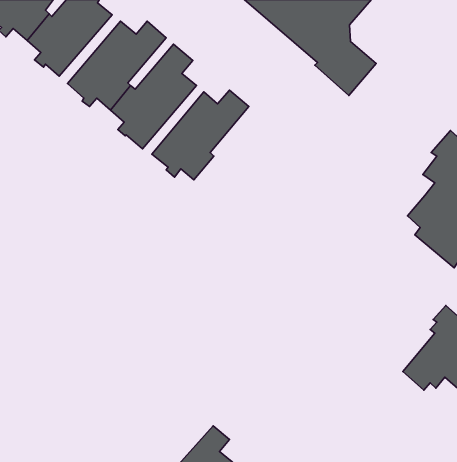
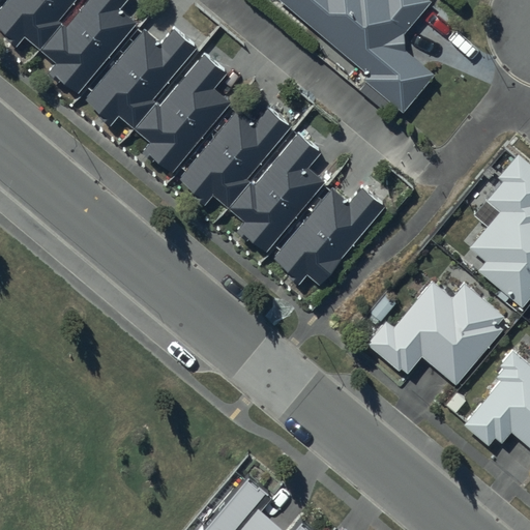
building: none -> [228,132,325,251]
building: none -> [274,187,384,285]
building: none -> [366,281,504,385]

